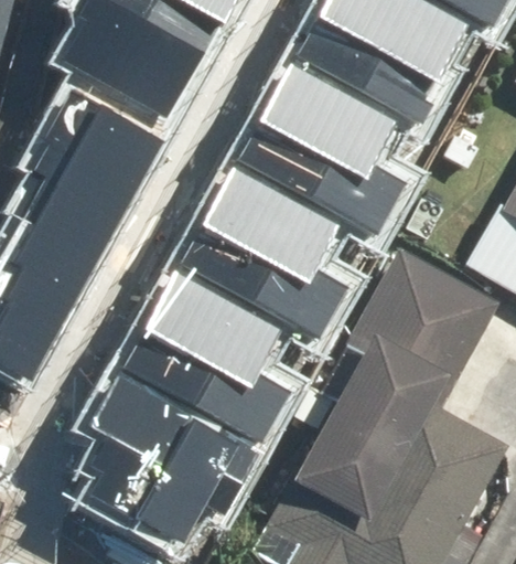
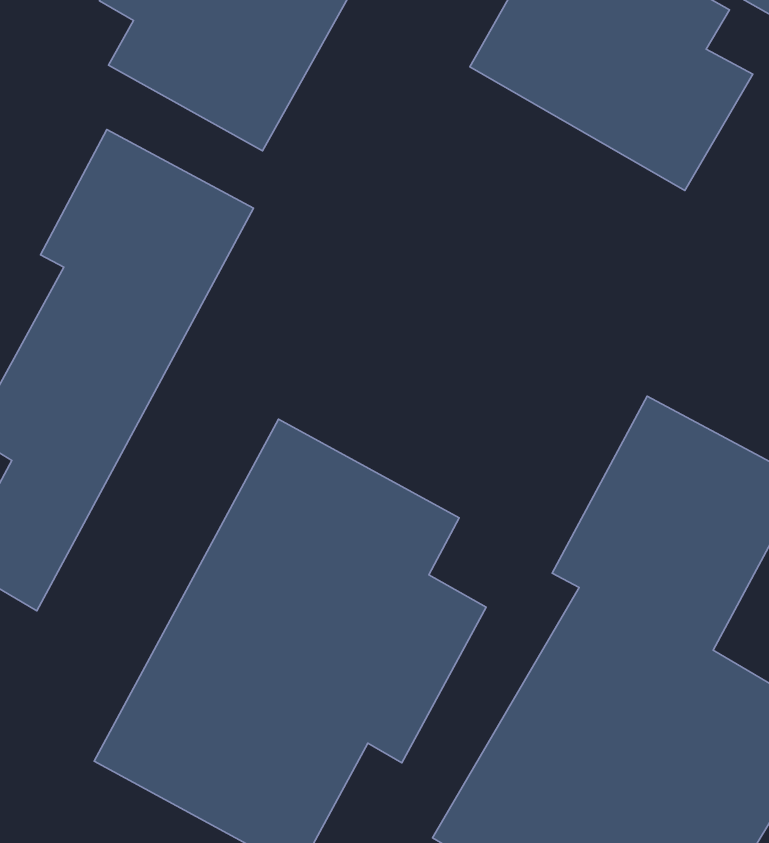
building: [232,54,427,240] -> none
building: [172,164,368,350] -> none

